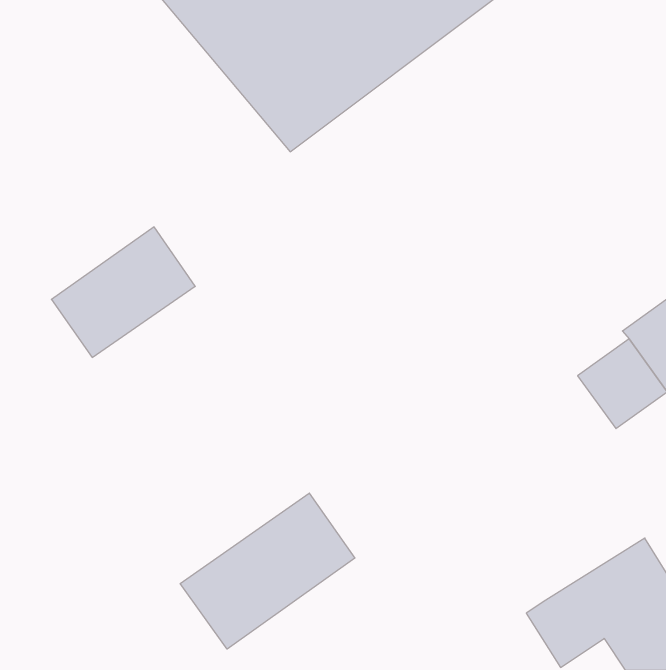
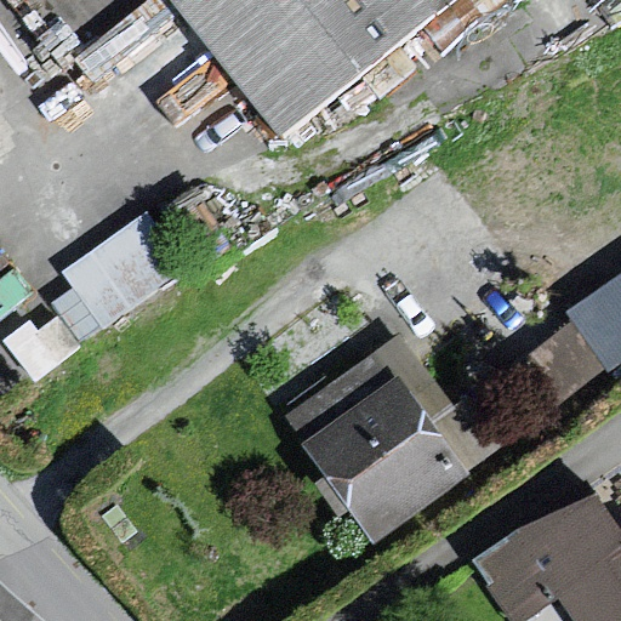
building: none -> [283,335,497,547]
building: [180,493,355,649] -> none

